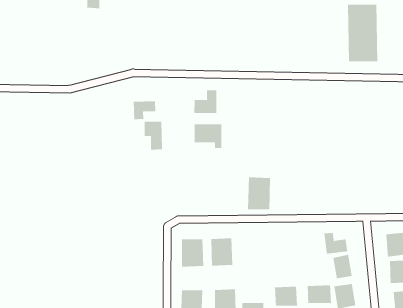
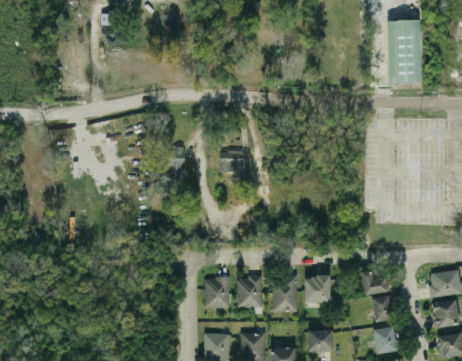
building: [194,90,217,114] -> none
building: [133,100,156,120] -> none
building: [247,177,271,210] -> [272,276,298,312]
building: none -> [304,277,330,303]
building: [307,284,331,304] -> none

